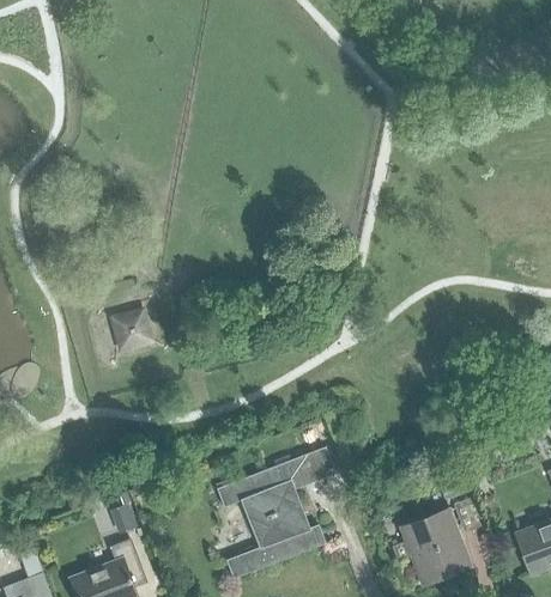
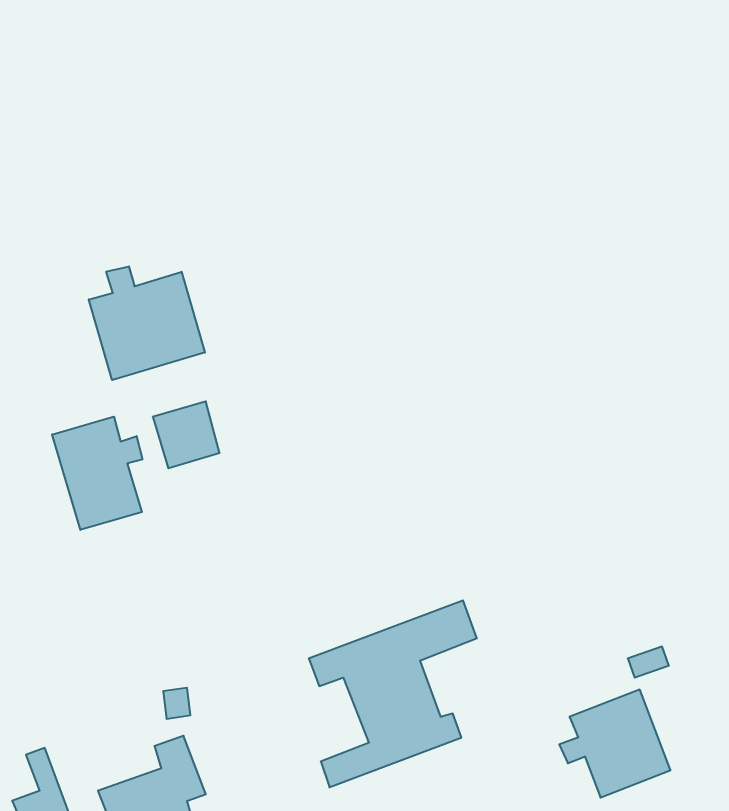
building: none -> [89,266,205,380]
building: none -> [52,417,142,530]

